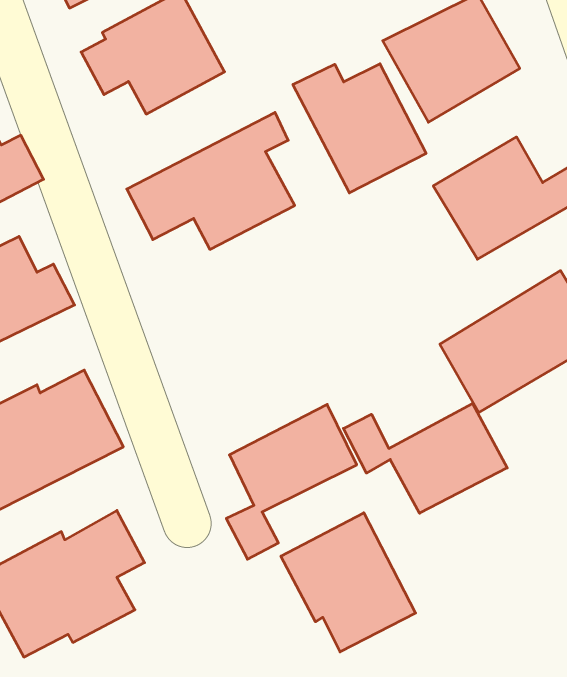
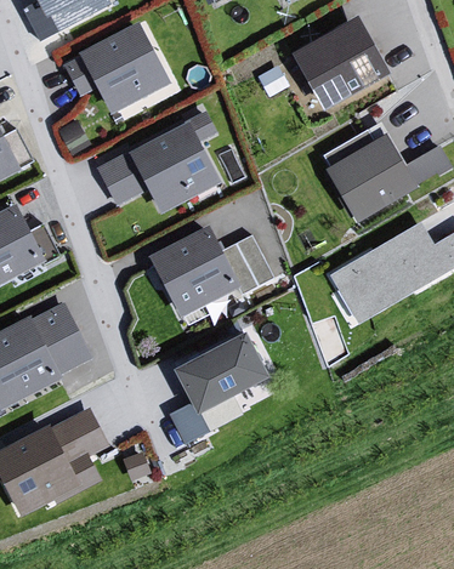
building: [293,64,426,193] -> none
building: none -> [149,224,274,315]
building: [343,403,507,513] -> none
building: [281,513,416,652] -> none

